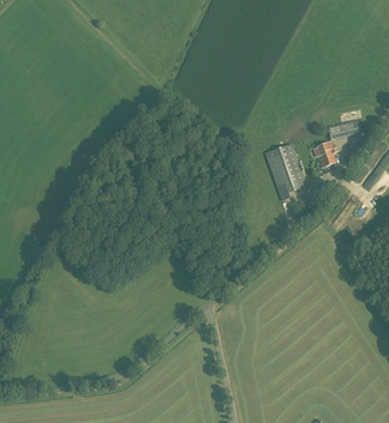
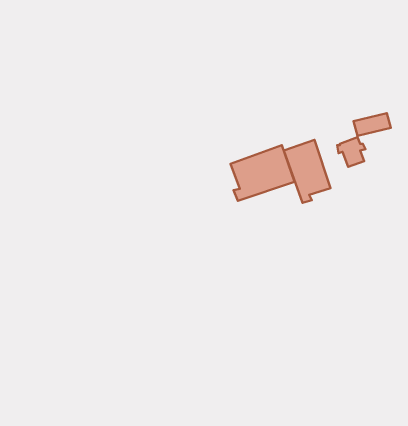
building: none -> [230,145,295,201]

